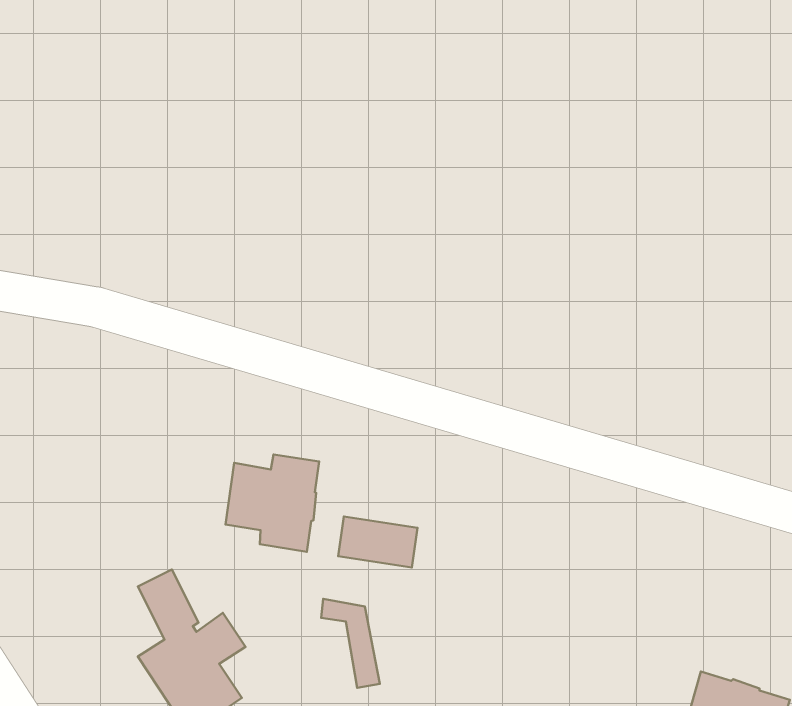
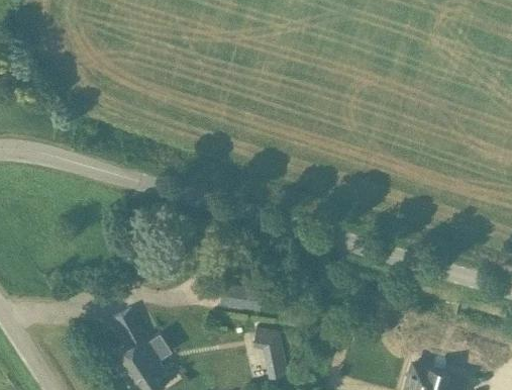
building: [225,454,319,552] -> none
building: [321,599,380,688] -> [255,330,287,378]

